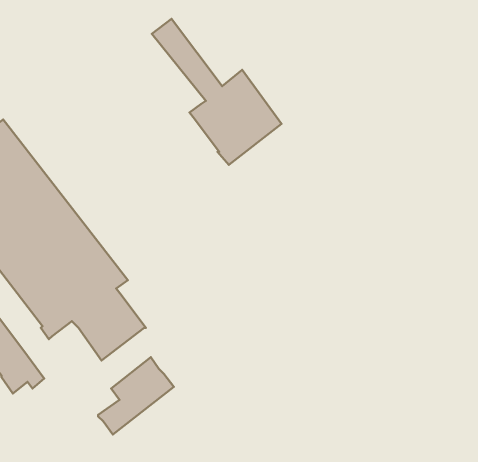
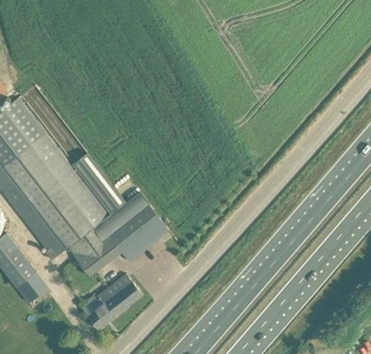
building: [152,19,281,165] -> [72,153,167,260]

